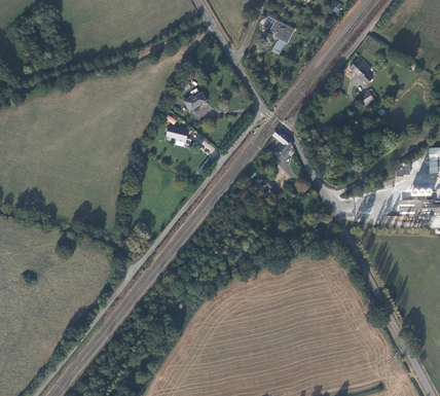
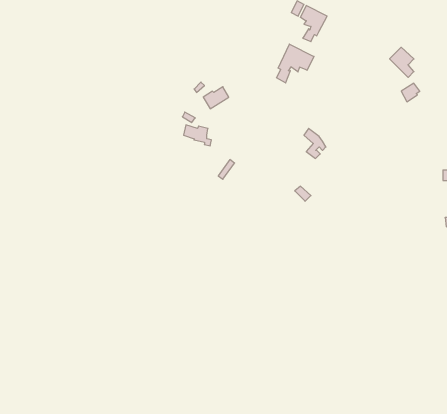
building: none -> [277,44,314,83]

